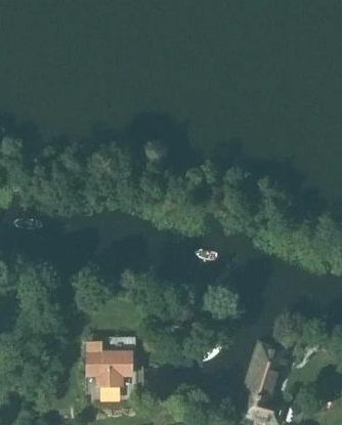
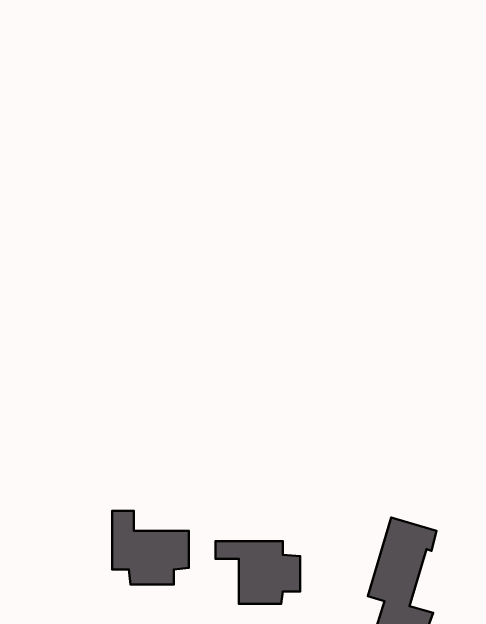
building: none -> [216,541,300,604]

